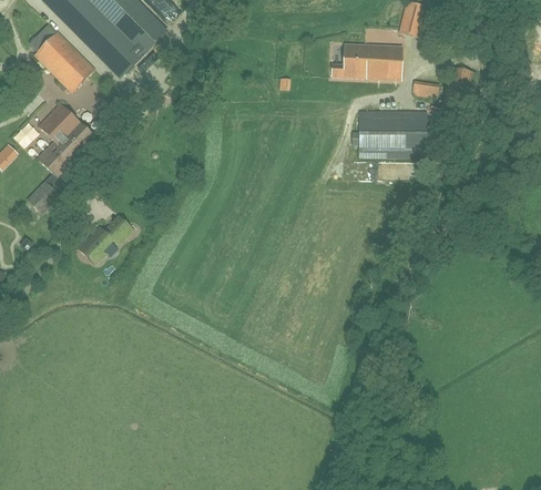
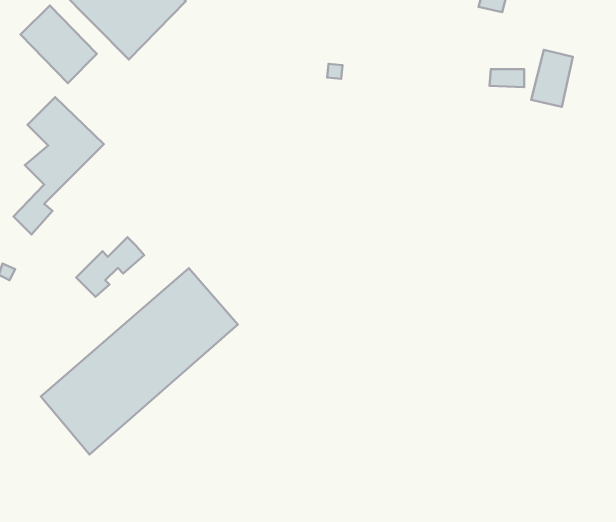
building: [331,42,402,79] -> none
building: [353,110,427,155] -> none
building: none -> [41,268,238,455]

